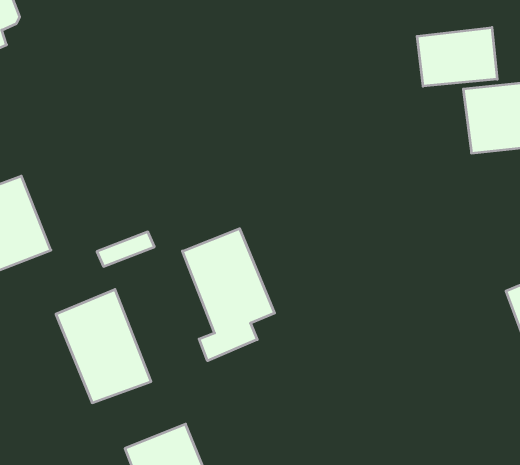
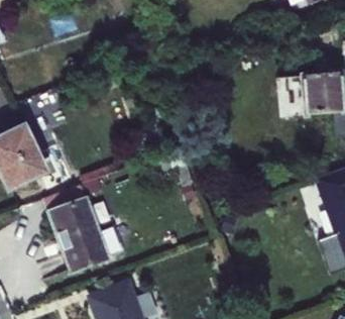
building: [417,27,497,86] -> none
building: [182,229,275,361] -> none

